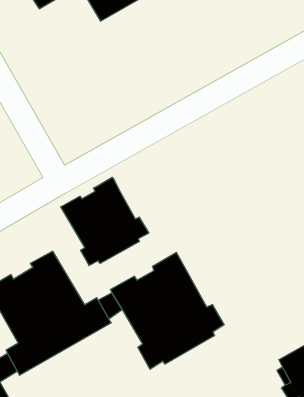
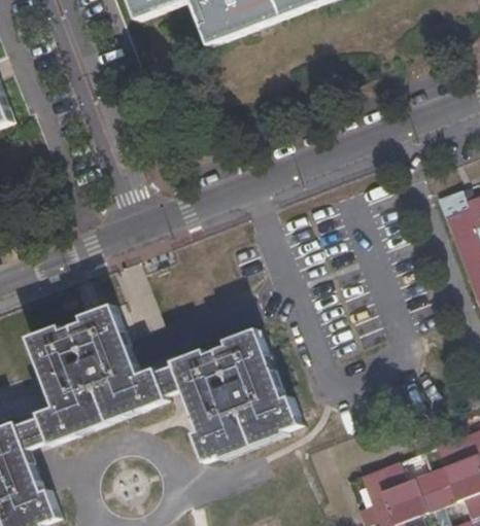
building: [61,177,149,266] -> none

